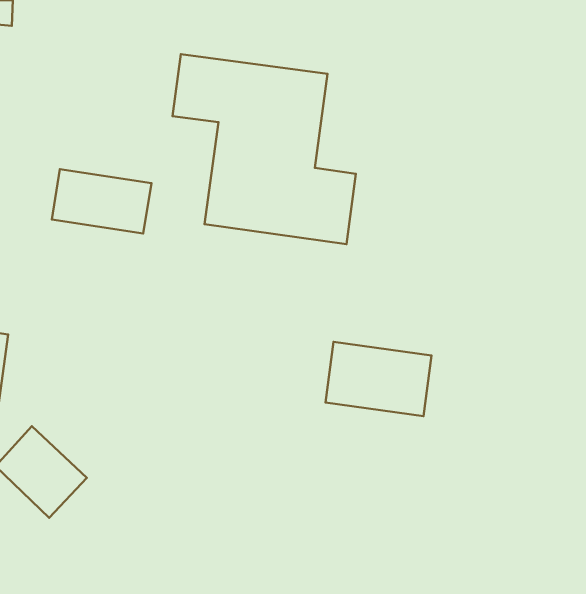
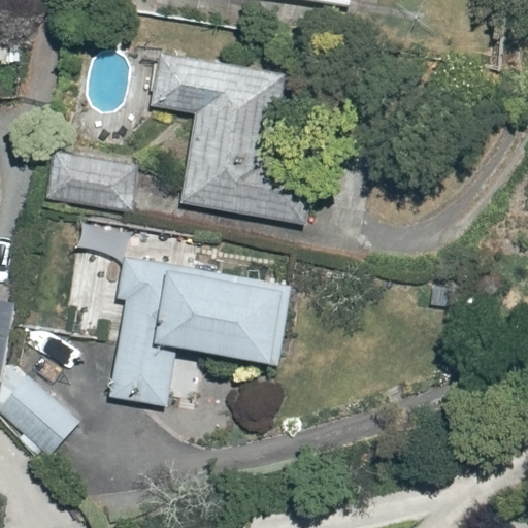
building: none -> [112,261,289,405]
building: [325,342,431,416] -> none

